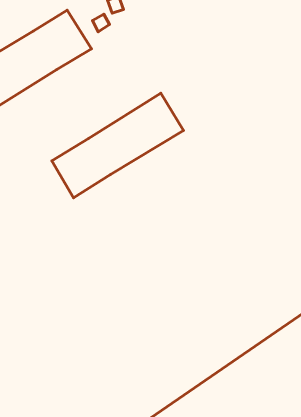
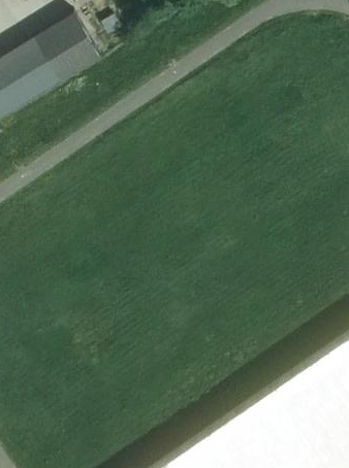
building: [52,93,183,198] -> none

